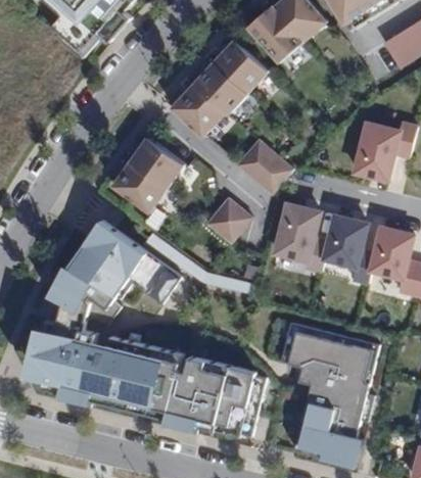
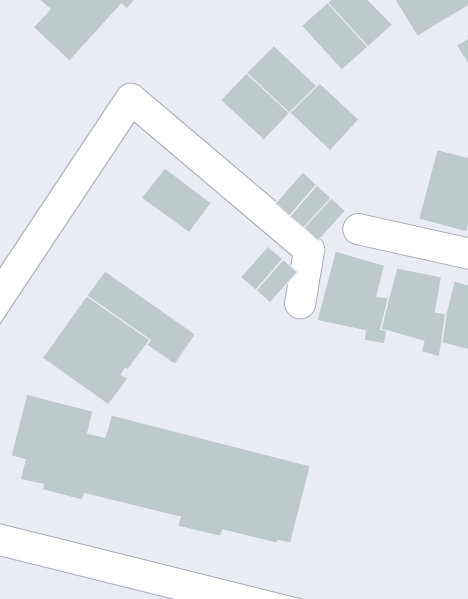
building: [170,83,224,136] -> [290,83,359,151]
building: [113,159,169,210] -> none
building: [281,323,376,457] -> none

